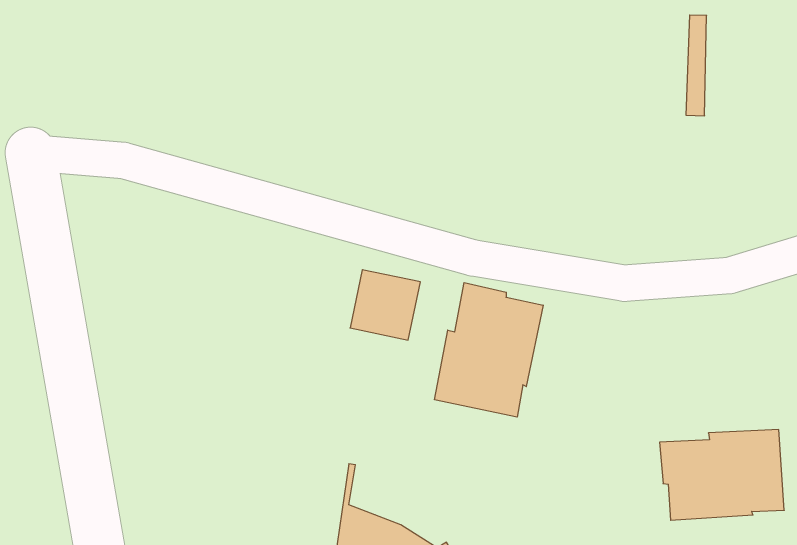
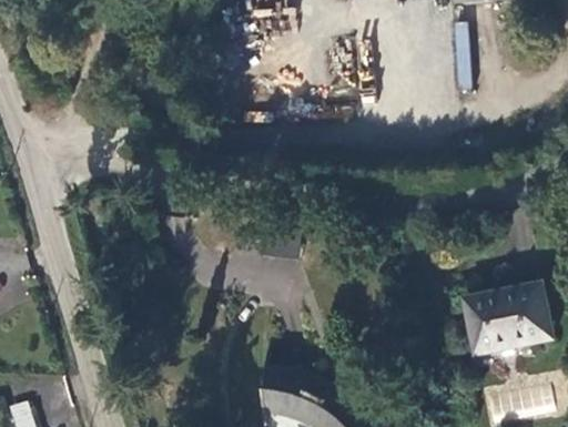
building: [435,283,543,417] -> none

